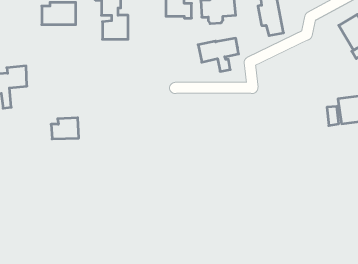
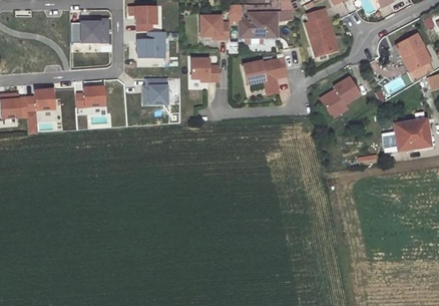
building: none -> [192,58,221,81]
building: none -> [321,76,360,116]
building: none -> [142,77,168,105]
building: [51,118,79,139] -> [75,85,105,108]

